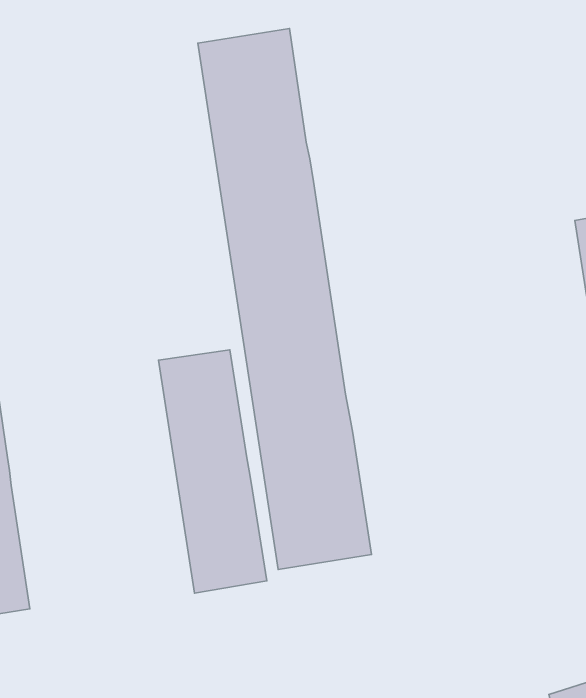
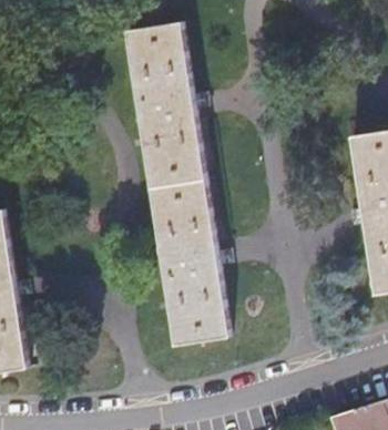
building: [159,350,267,593] -> none

